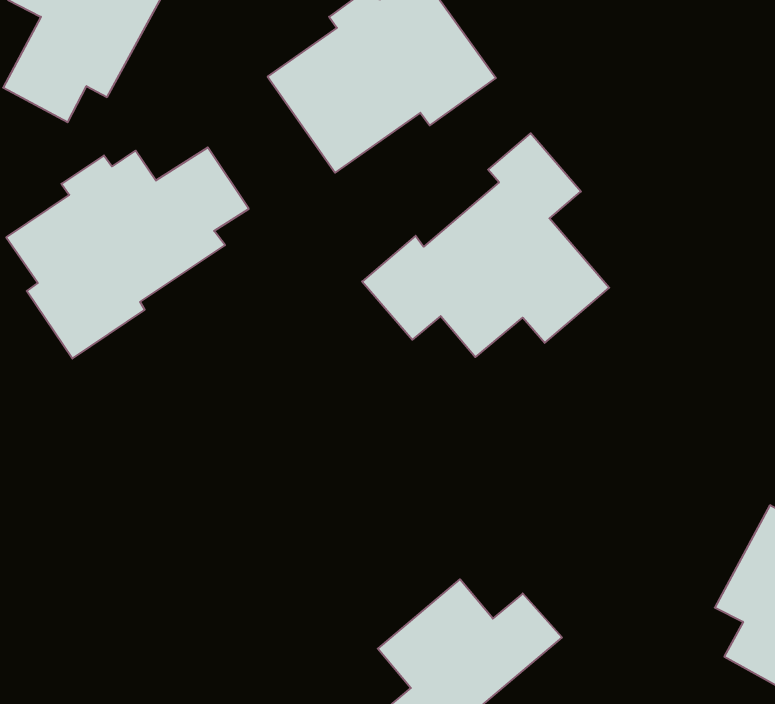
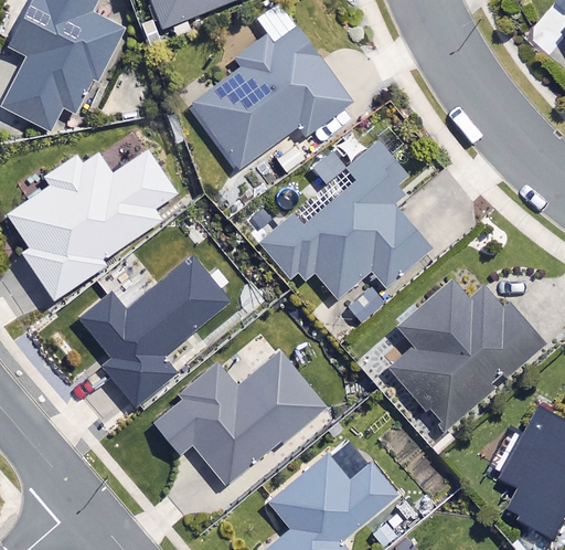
building: none -> [81,256,232,408]
building: none -> [388,278,542,429]
building: none -> [153,353,323,485]

